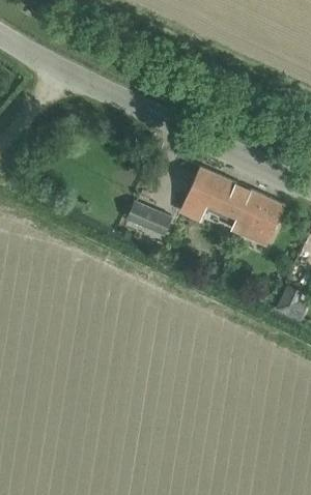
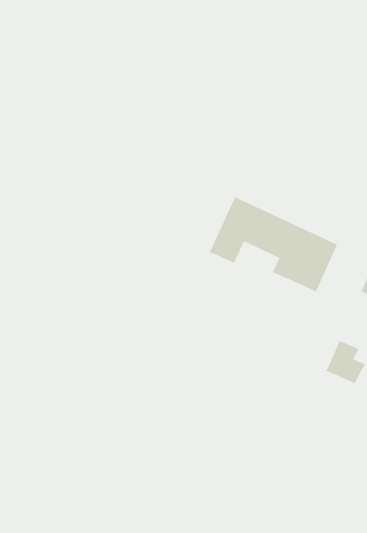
building: [128,202,170,235] -> none

